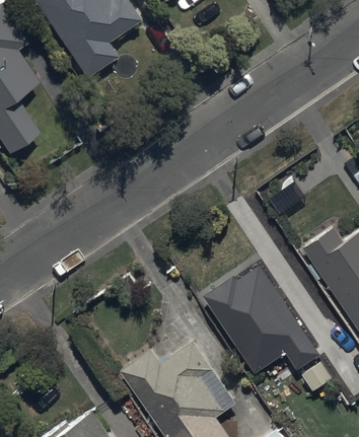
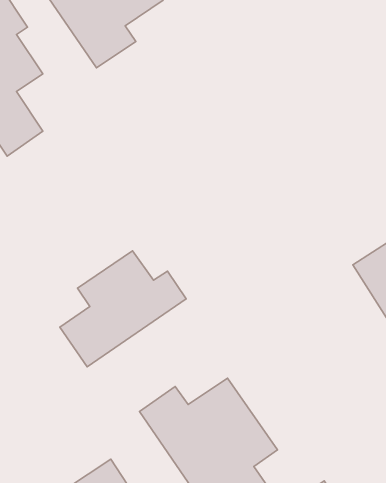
building: none -> [60,251,186,367]
building: [203,265,320,374] -> none

